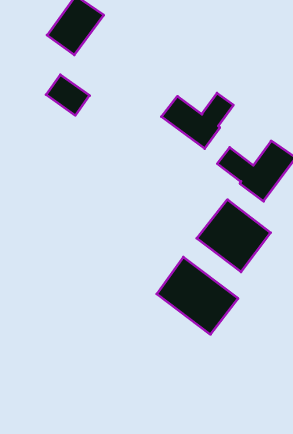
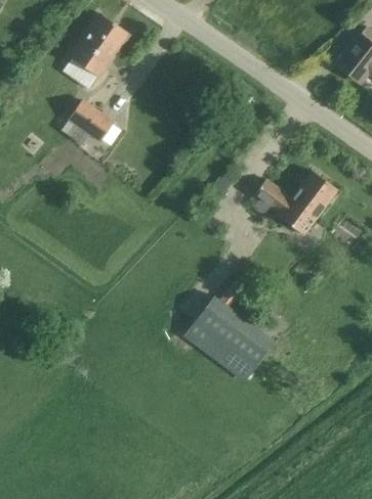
building: [161,93,233,149] -> none
building: [197,200,271,272] -> none

